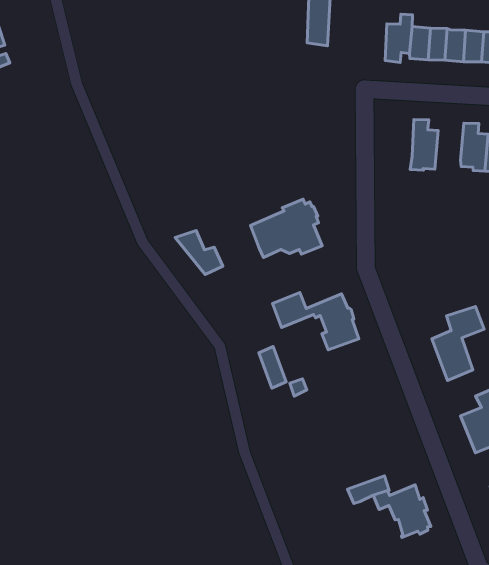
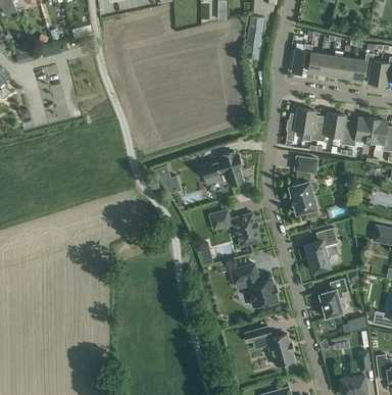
building: none -> [286,108,306,141]
building: none -> [316,112,337,142]
building: none -> [288,156,317,213]
building: none -> [231,263,278,306]

